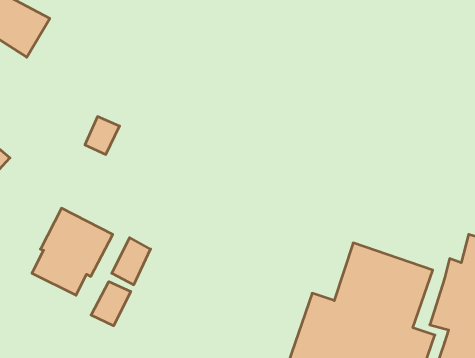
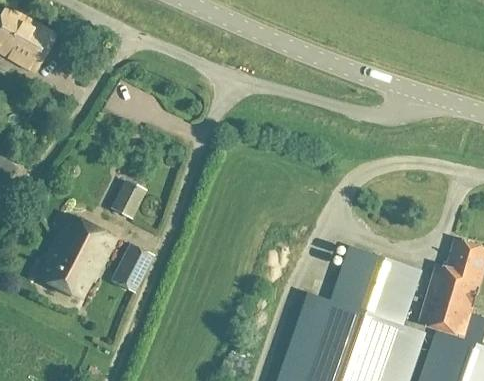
building: [85,117,120,154] -> [111,183,144,219]
building: [91,282,131,326] -> none

